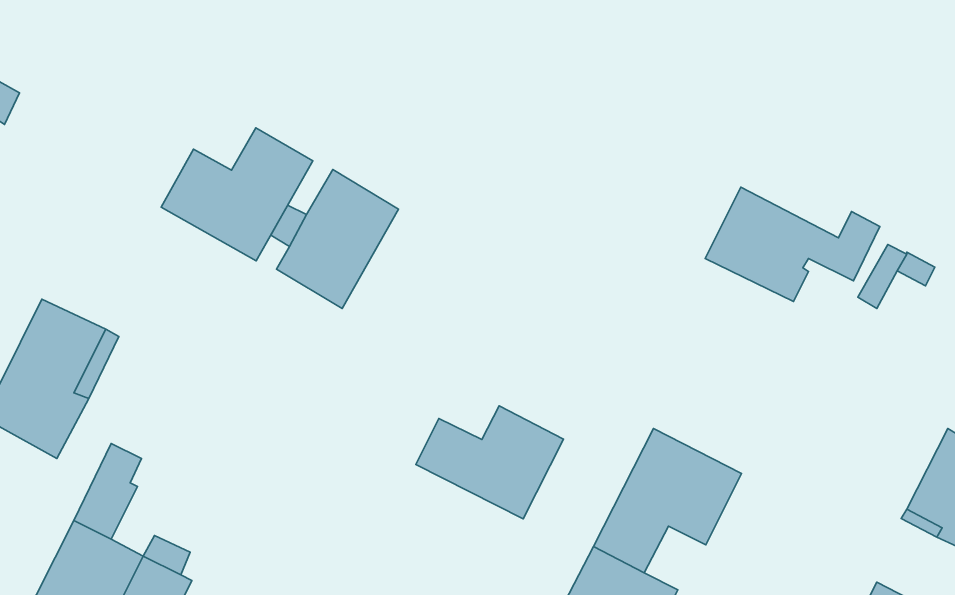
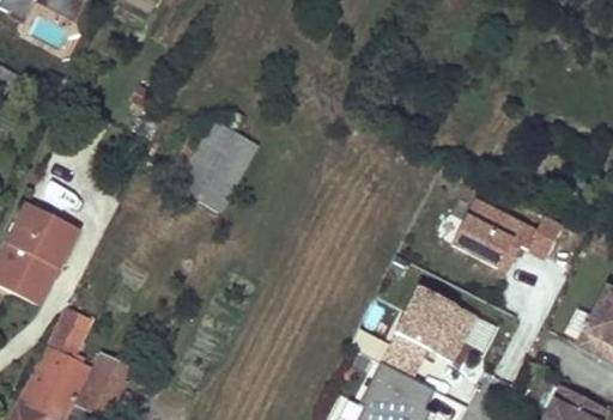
building: [161,128,313,261] -> none
building: [705,187,880,301] -> [453,199,564,272]
building: [416,406,563,519] -> none

